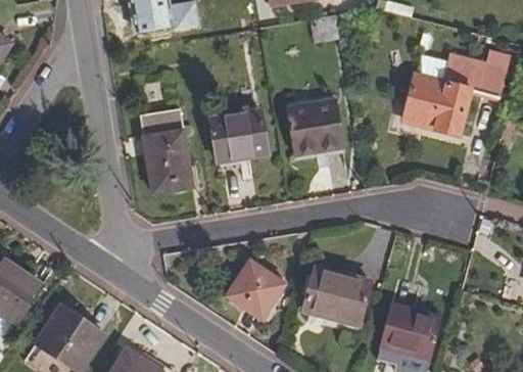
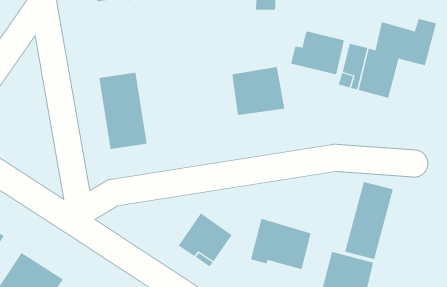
building: none -> [290,30,345,75]
building: [209,111,267,164] -> none
building: none -> [345,181,393,260]

